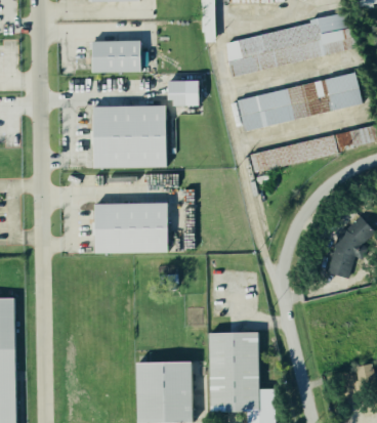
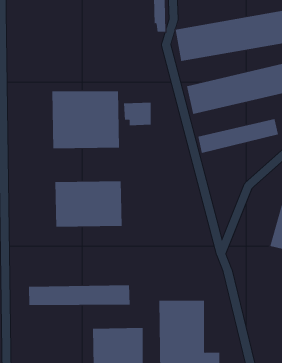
building: [91,41,140,73] -> none
building: [166,80,197,105] -> [123,102,152,126]
building: none -> [29,285,130,306]

